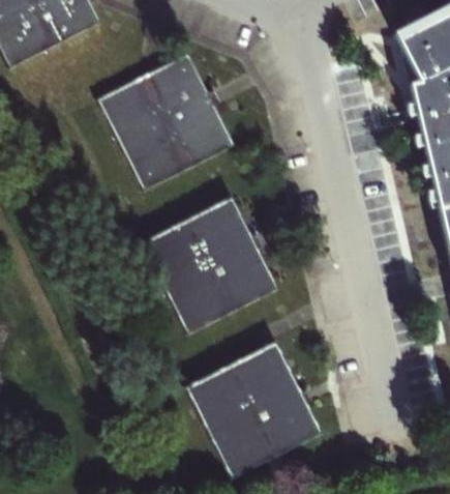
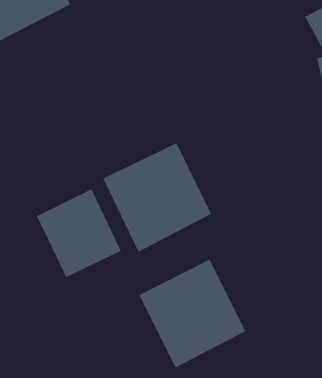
building: [98,51,238,188] -> none
building: none -> [36,188,122,278]

